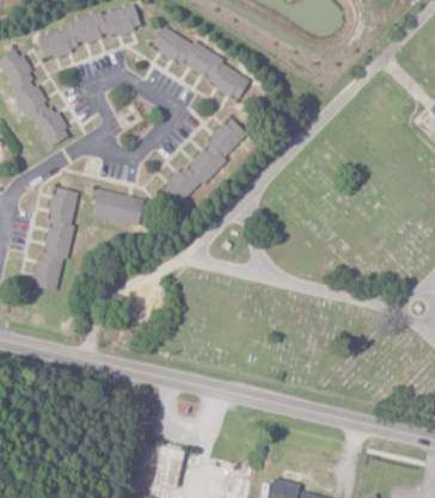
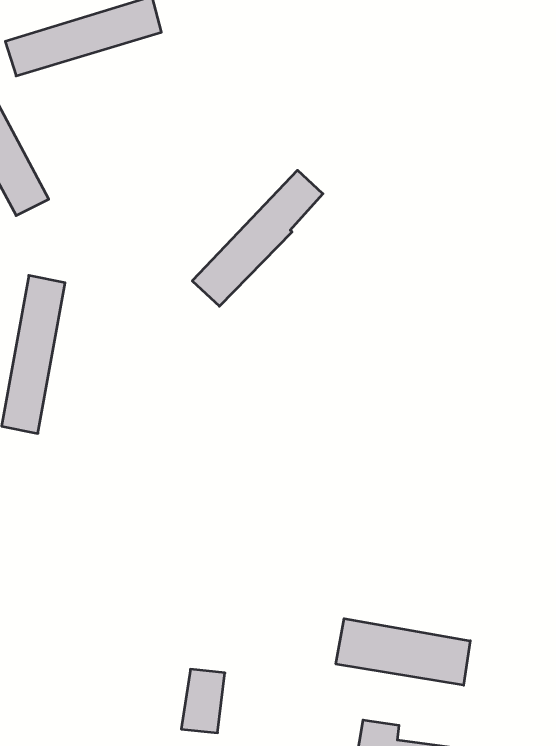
building: [151,27,251,97] -> none
building: [91,189,143,226] -> none
building: none -> [336,619,470,685]

